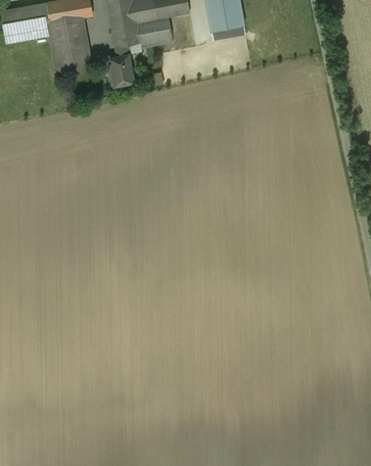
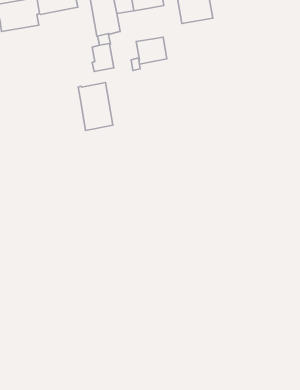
building: [137,16,172,47] -> [136,37,167,64]
building: [47,17,86,72] -> [78,83,113,131]

